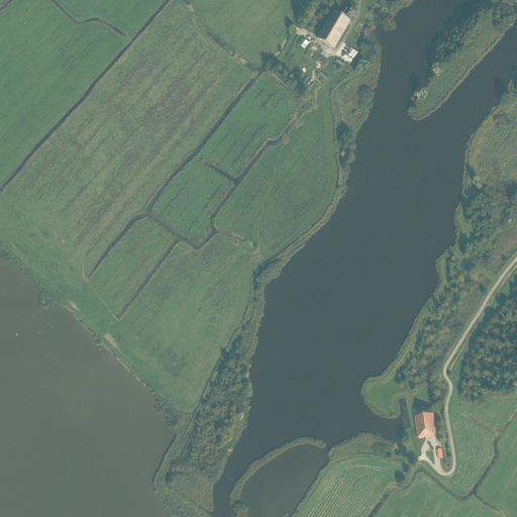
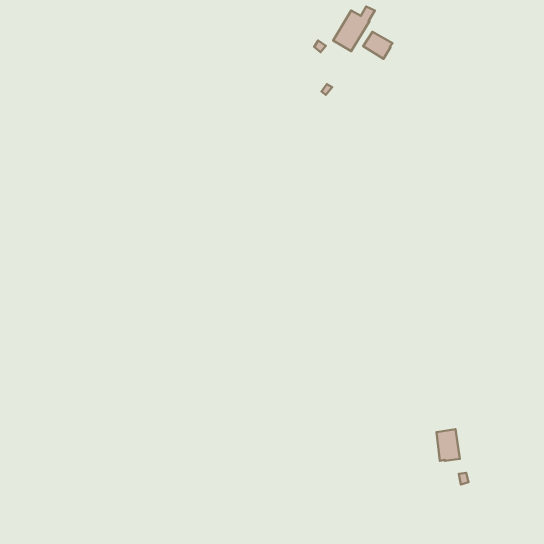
building: none -> [363,32,392,59]

